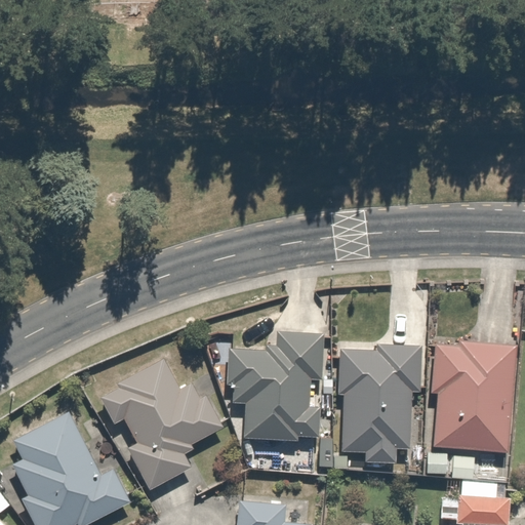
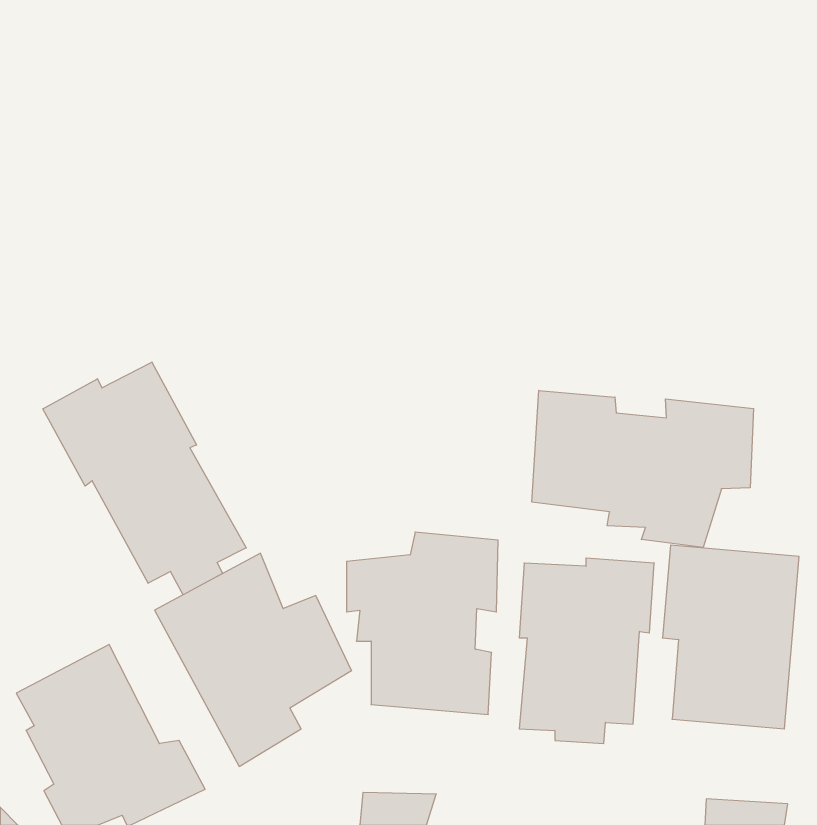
building: none -> [43,362,246,595]
building: none -> [532,390,753,547]

